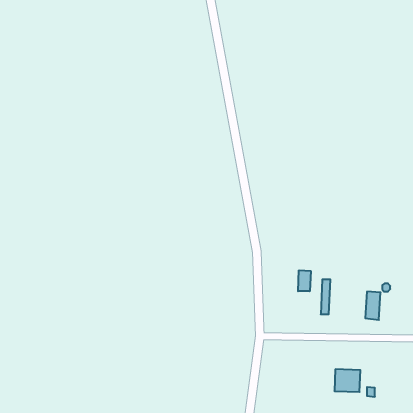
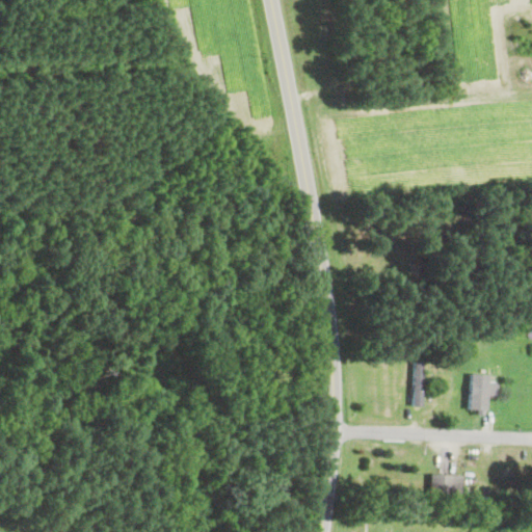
building: [298,270,311,291] -> none

